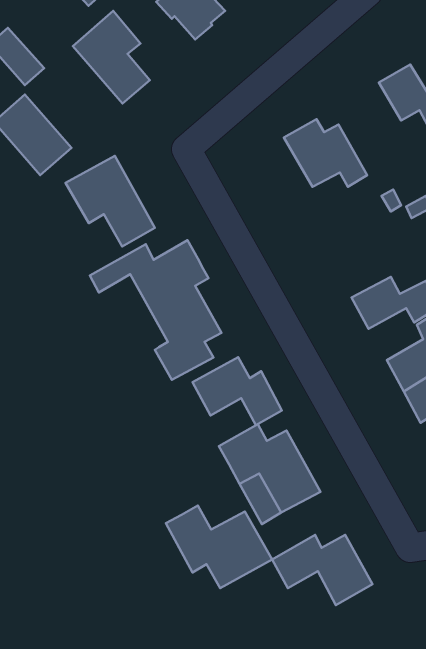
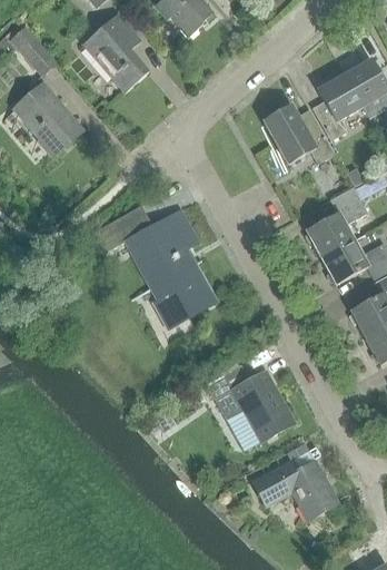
building: none -> [312,73,363,139]
building: [66,156,155,246] -> none
building: none -> [306,186,367,257]
building: [193,357,282,425] -> none
building: [166,506,272,588] -> none

